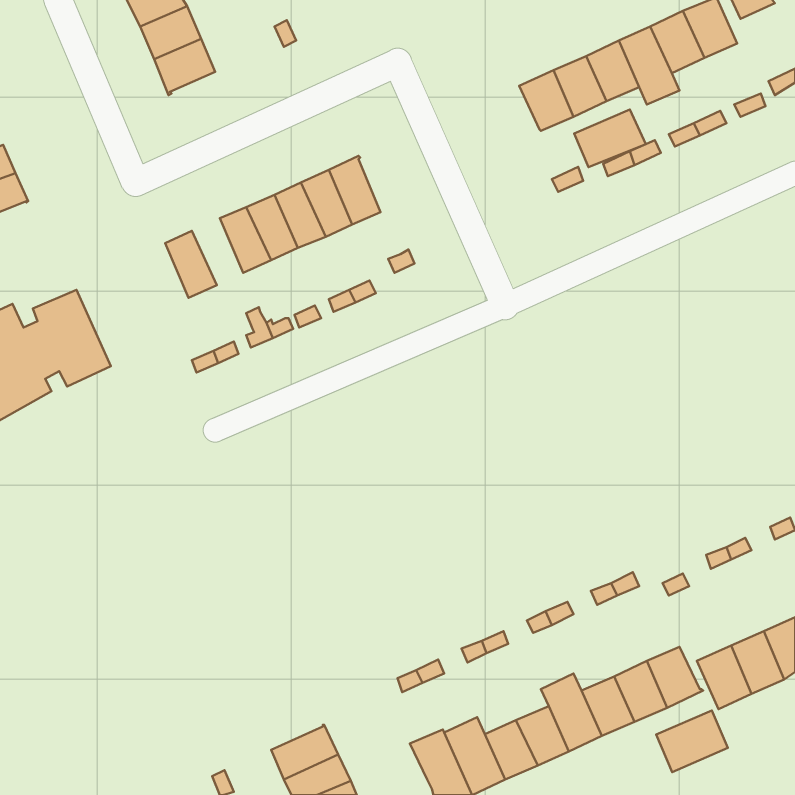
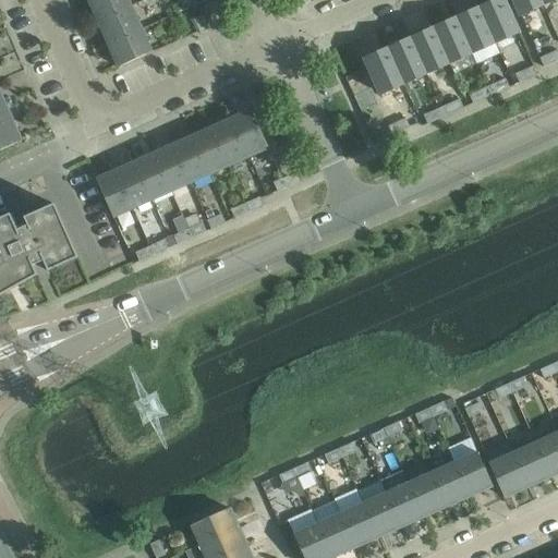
building: [574,109,646,167] -> none
building: none -> [134,153,170,199]
building: none -> [95,170,132,217]
building: [656,710,728,772] -> none

